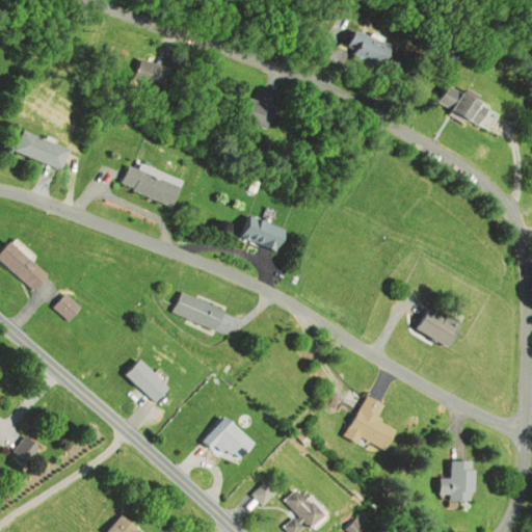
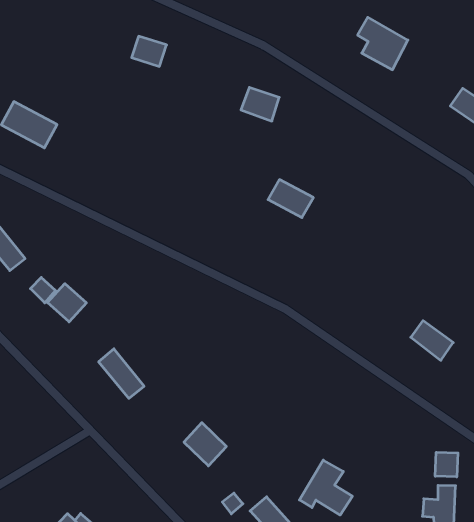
building: [122,159,183,204] -> none
building: [243,214,286,248] -> [268,180,313,218]
building: [172,291,225,330] -> none
building: none -> [47,284,86,322]
building: [348,396,398,447] -> [299,460,352,515]
building: none -> [435,452,458,477]

